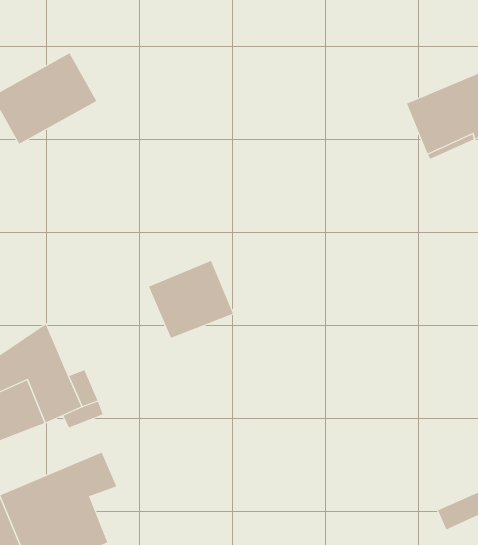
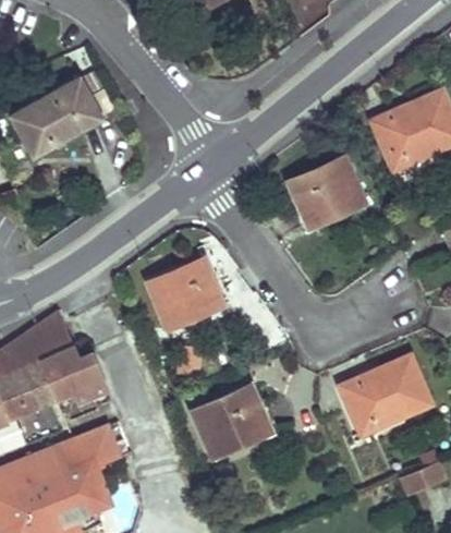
building: none -> [289,157,364,226]
building: none -> [340,354,430,431]
building: none -> [194,386,269,457]

